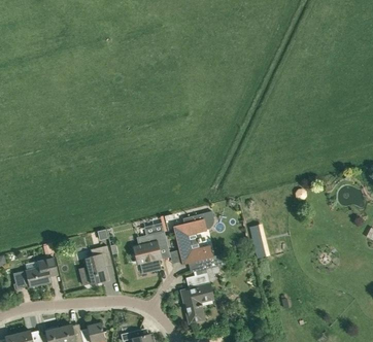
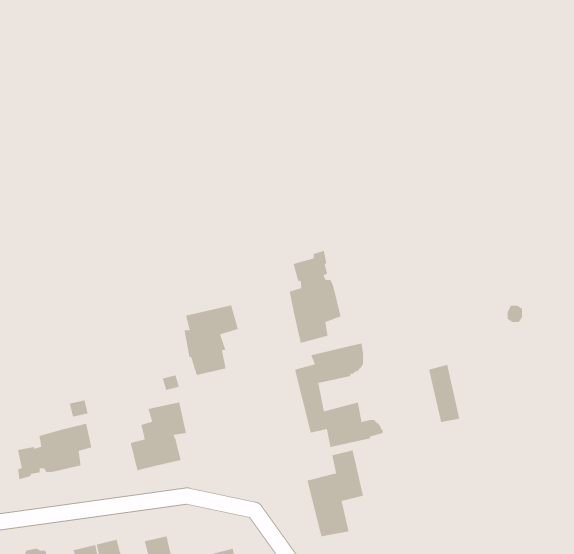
building: none -> [289,250,342,344]
building: [135,232,167,273] -> [184,304,239,376]

